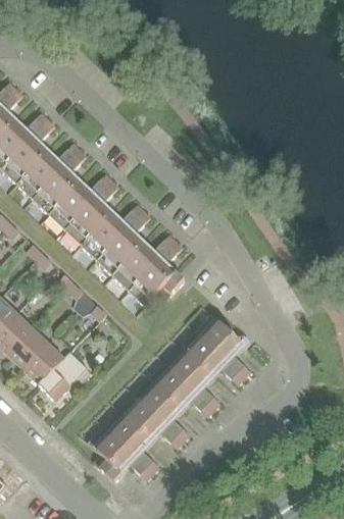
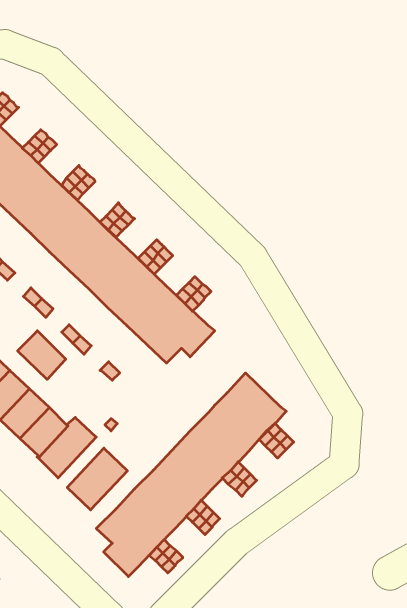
building: none -> [18,331,66,379]
building: none -> [67,448,127,510]

